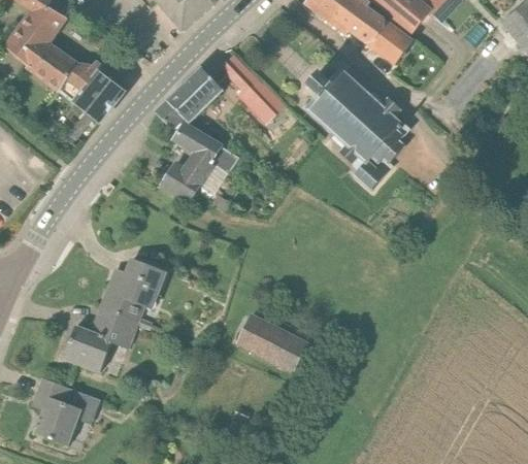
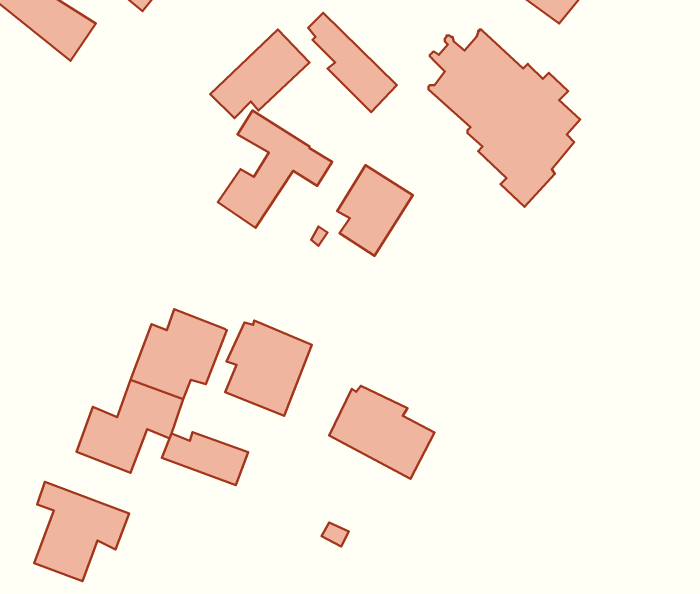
building: [58,60,125,139] -> none
building: none -> [337,165,413,256]
building: none -> [225,320,312,416]
building: none -> [162,432,248,485]

